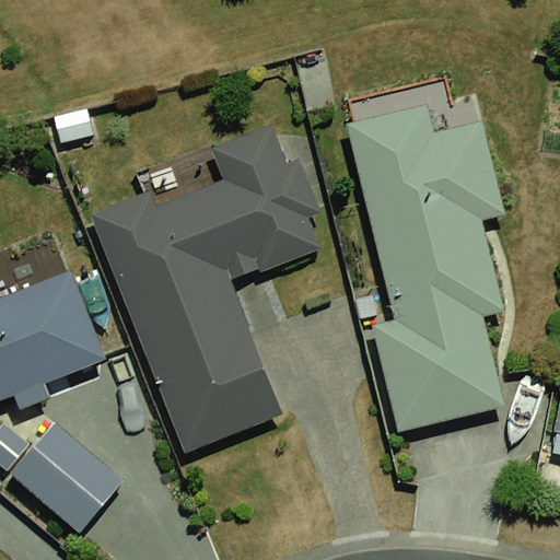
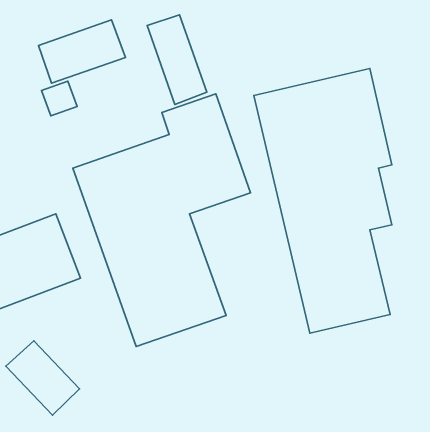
building: none -> [147,15,207,104]
building: none -> [39,20,126,83]

